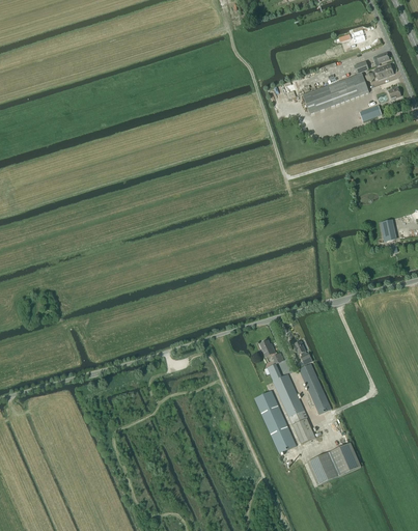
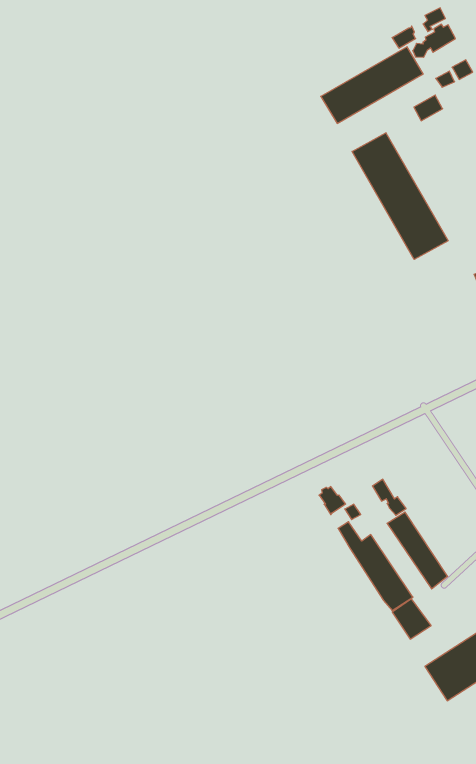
building: none -> [352,133,448,259]
building: [254,390,297,453] -> none

